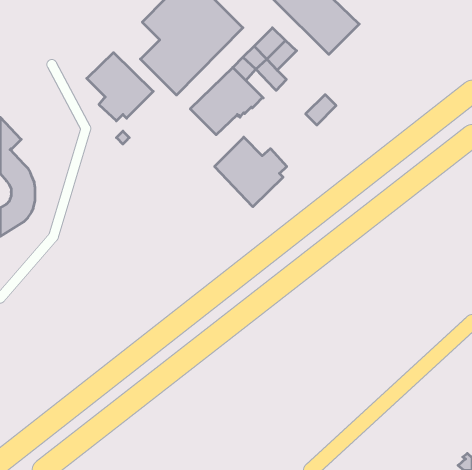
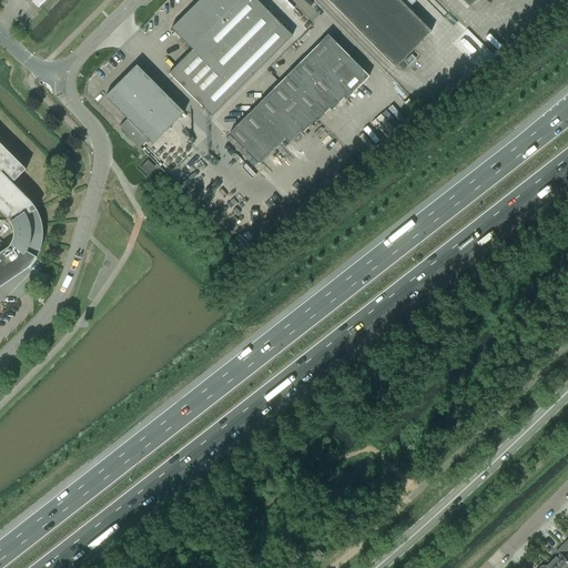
building: none -> [295,83,329,119]
building: [306,95,336,125] -> [333,61,369,98]
building: [215,137,287,207] -> none

